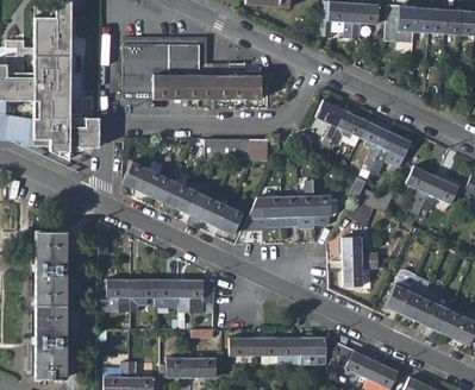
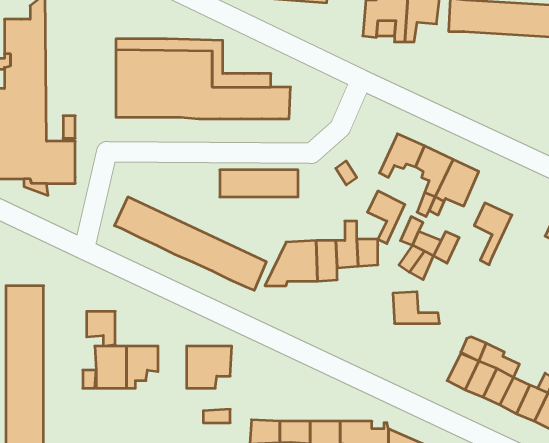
building: [317,100,346,141] -> [367,191,405,244]
building: [421,175,460,212] -> none
building: [344,260,380,285] -> none
building: [157,278,180,306] -> [87,311,115,346]

